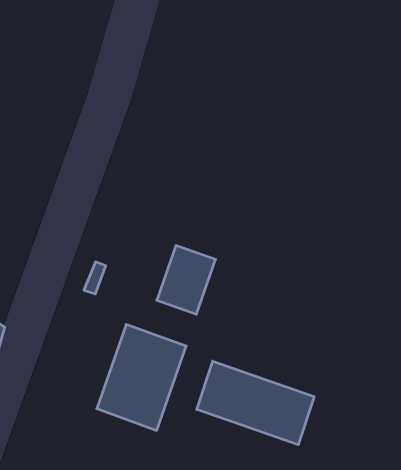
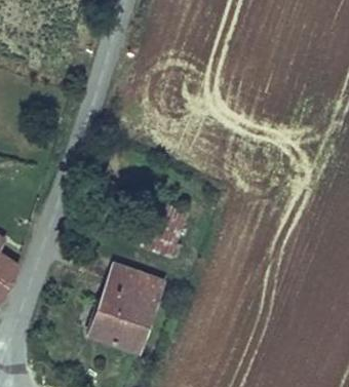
building: [197,361,314,445] -> none

